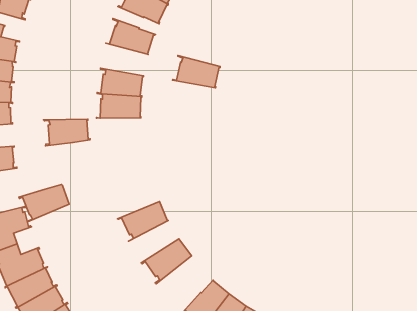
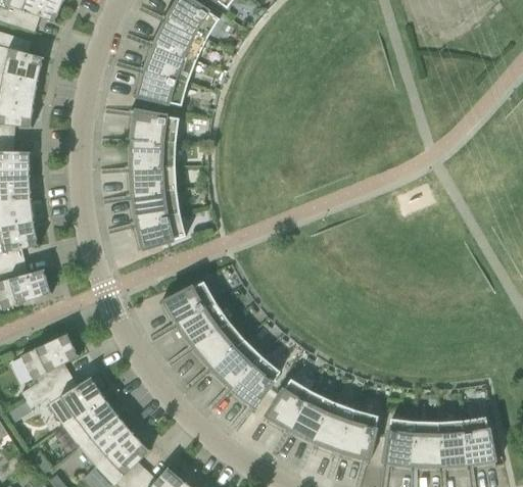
building: [173,55,220,88] -> [125,137,175,165]
building: [44,119,90,146] -> [130,212,185,250]
building: [19,185,69,222] -> [158,281,216,329]
building: none -> [189,321,244,373]
building: none -> [228,355,280,411]

